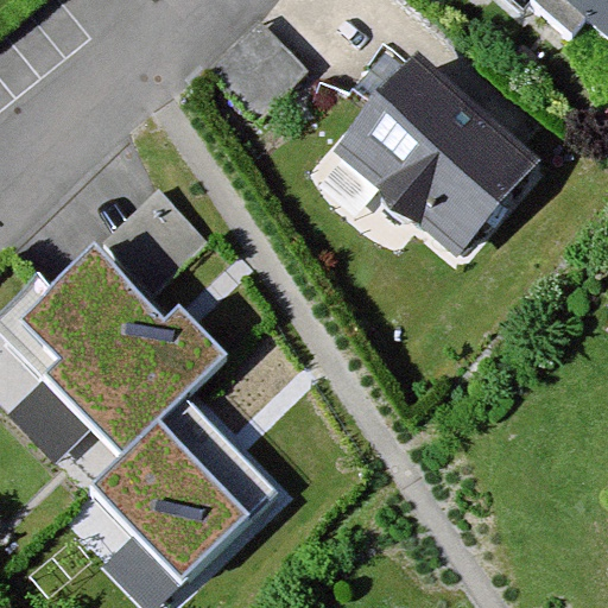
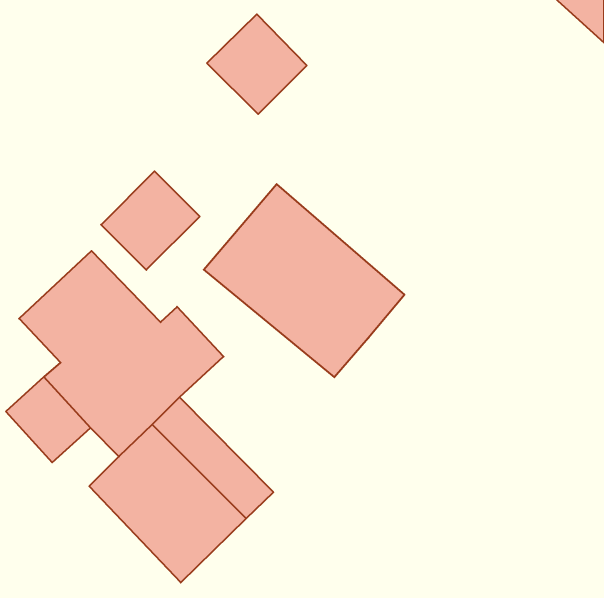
building: [342,59,537,251] -> none
building: none -> [204,184,404,377]

